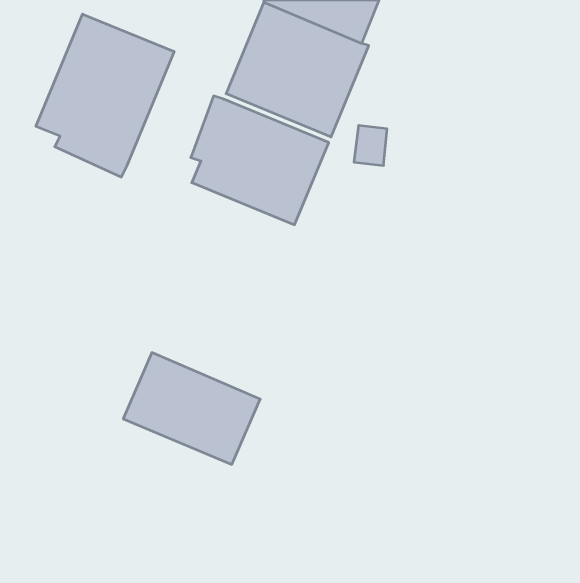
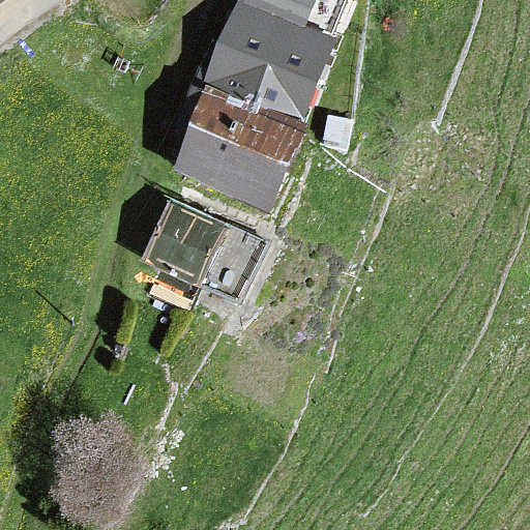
building: [36,14,174,177] -> none
building: [123,353,260,464] -> [142,201,266,302]

